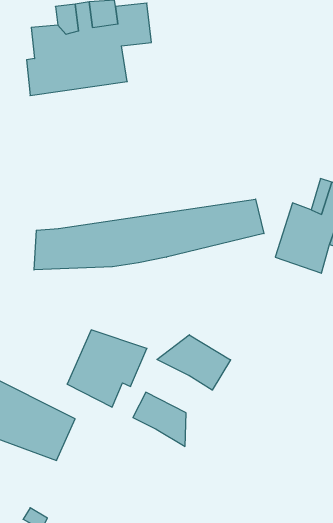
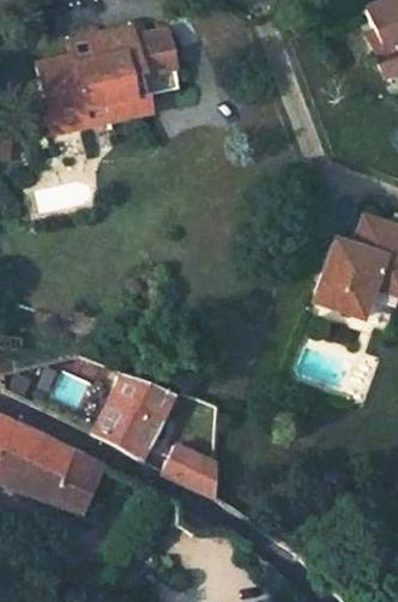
building: [34,199,264,270] -> none
building: [157,335,231,390] -> none

